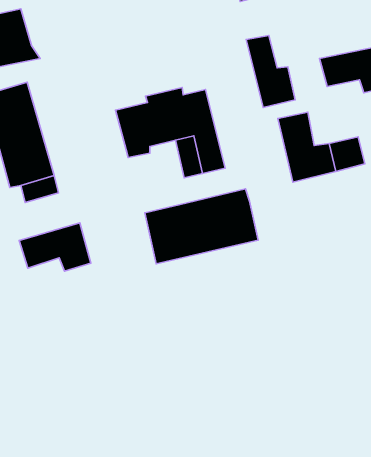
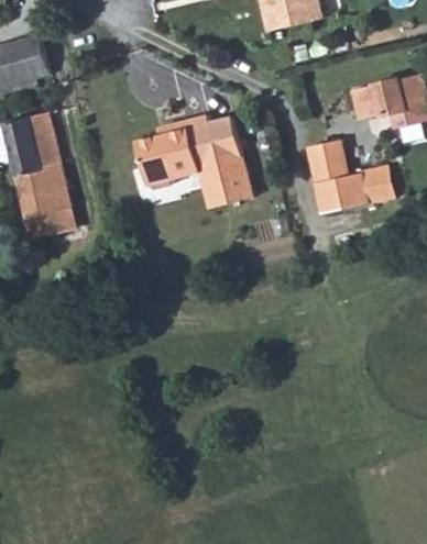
building: [246,36,295,108] -> none
building: [145,189,258,264] -> none
building: [19,223,91,271] -> none

